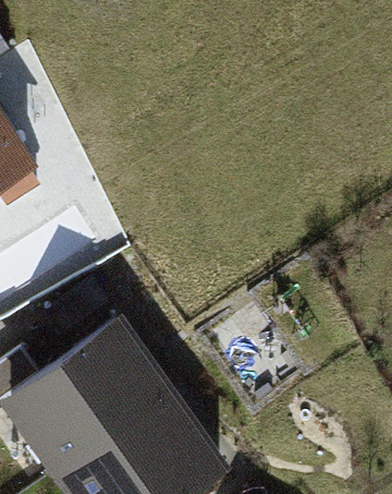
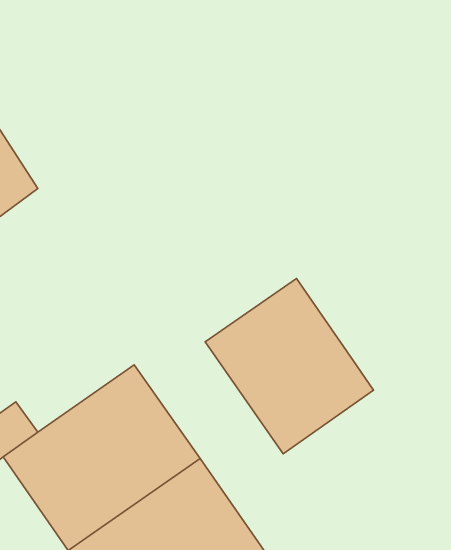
building: none -> [205,279,373,454]

